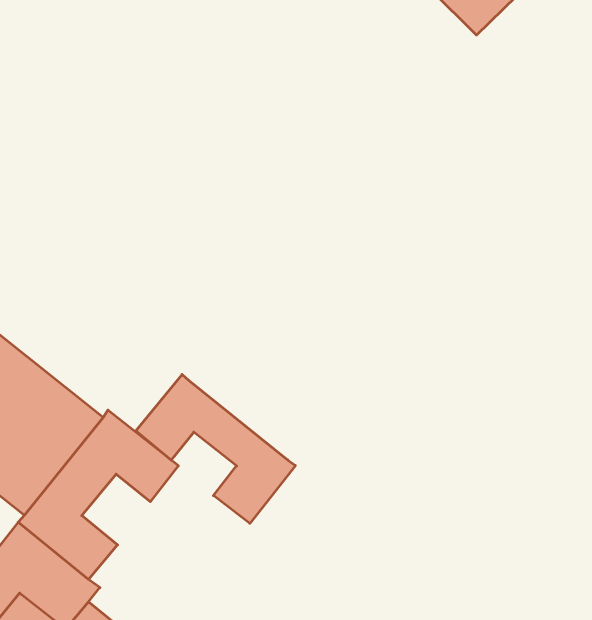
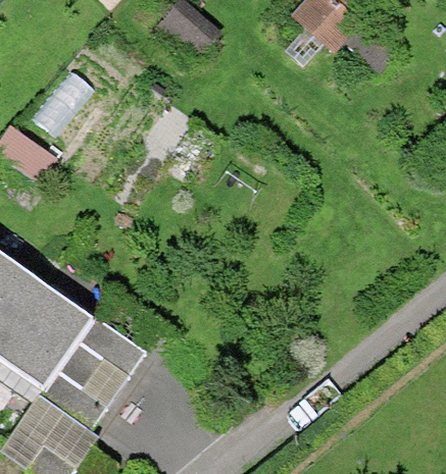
building: [136,374,295,523] -> none

